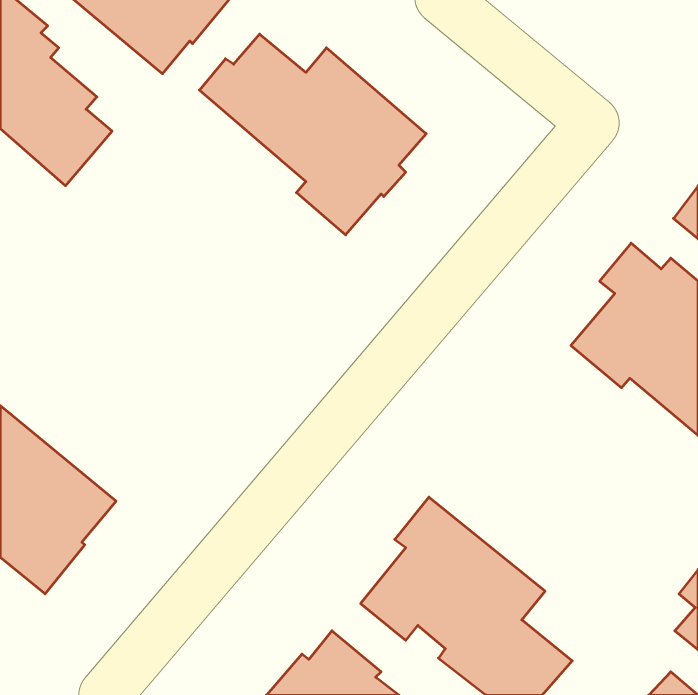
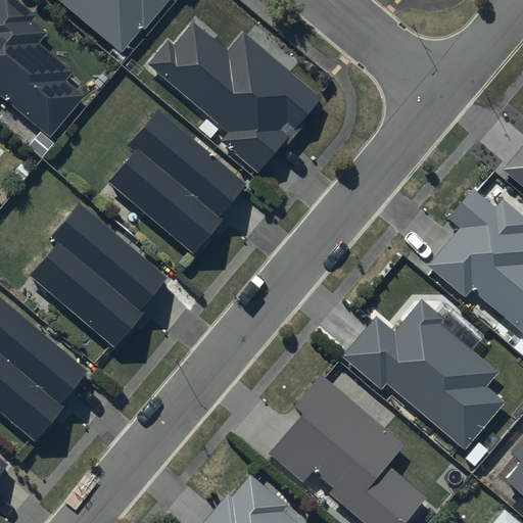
building: none -> [108,113,245,257]
building: none -> [32,207,167,351]
building: none -> [342,295,504,445]

